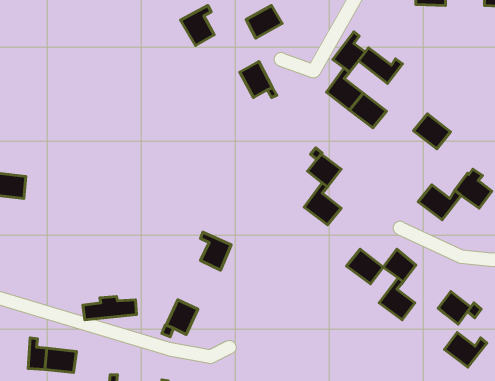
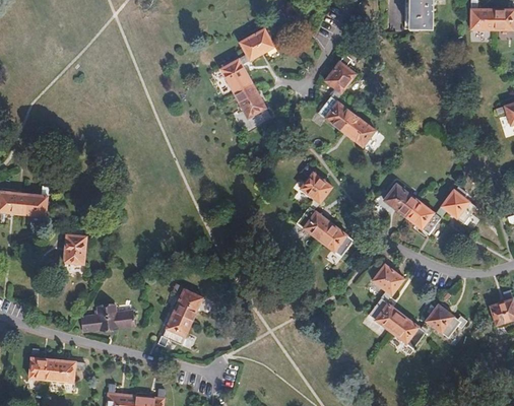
building: [181,5,214,45] -> [219,54,252,92]
building: [359,48,402,83] -> none
building: [414,114,451,149] -> [383,184,419,217]
building: none -> [25,186,49,216]
building: none -> [54,233,86,264]
building: [201,232,231,270] -> [174,284,203,321]
building: [346,249,383,284] -> [318,223,354,257]
building: [445,333,487,367] -> [390,315,431,348]

